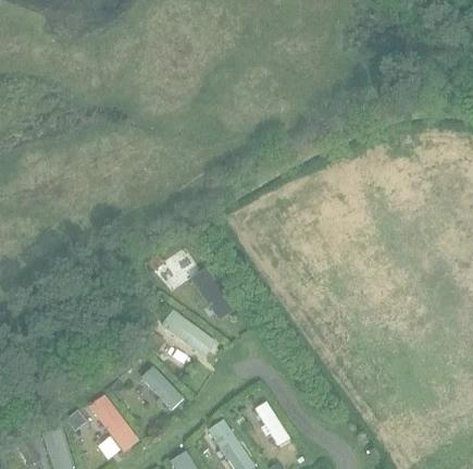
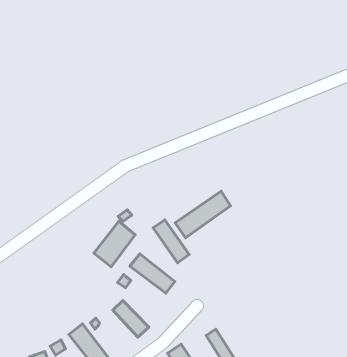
building: none -> [175,191,230,238]
building: none -> [94,221,135,267]

